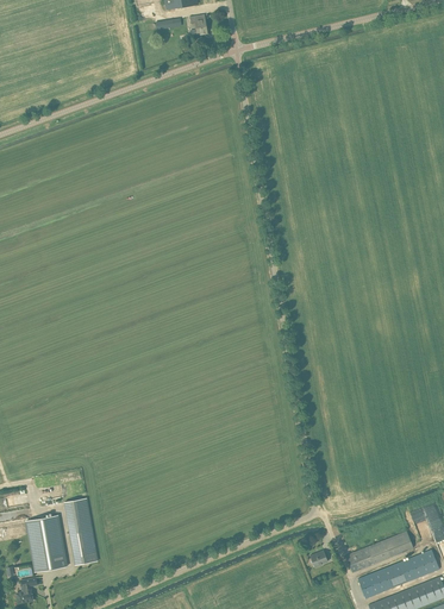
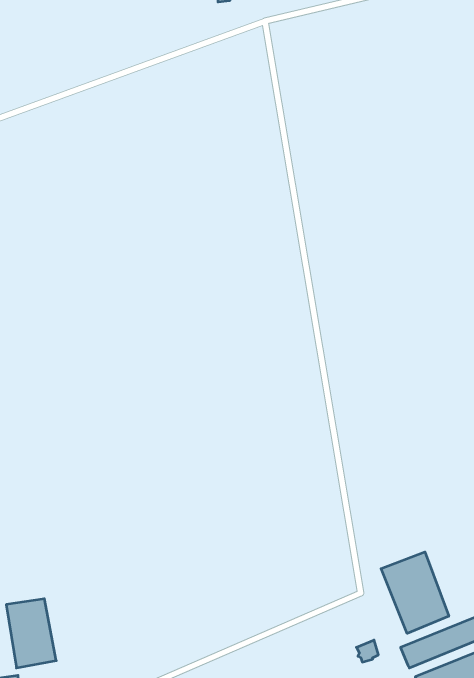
building: none -> [381,552,449,633]
building: [64,498,98,565] -> none

